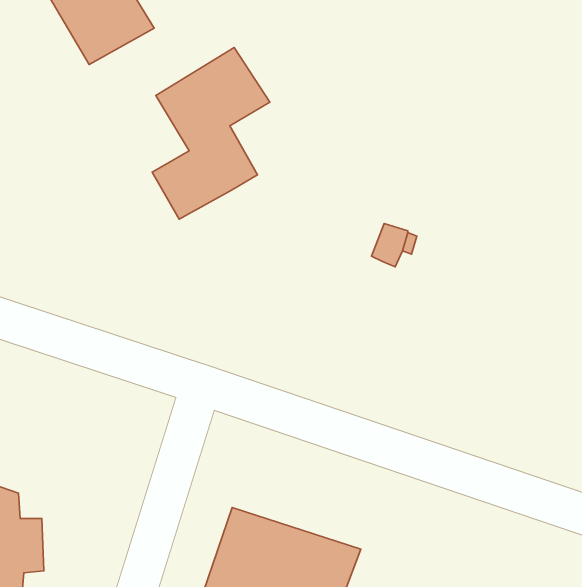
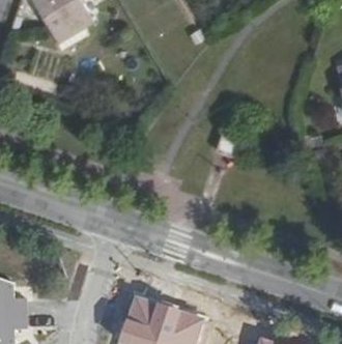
building: [152,48,270,219] -> none

